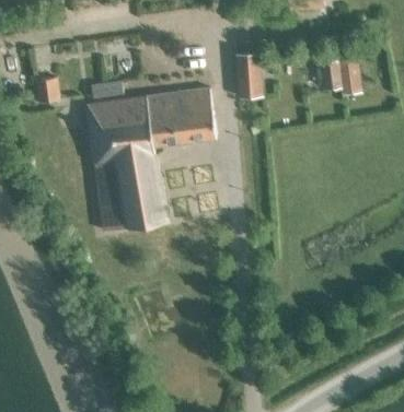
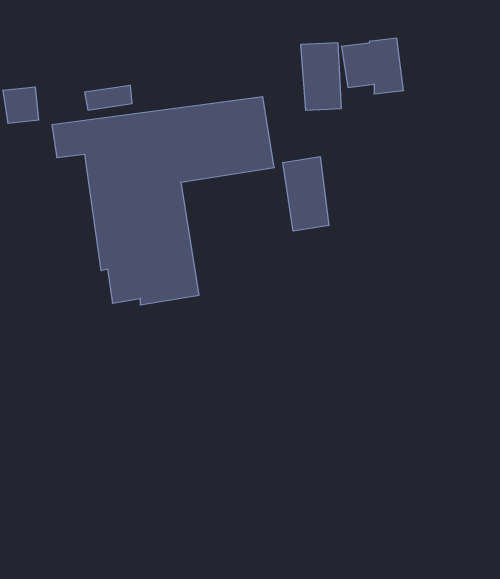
building: [320,56,361,93] -> [341,38,404,94]
building: none -> [283,157,329,231]

